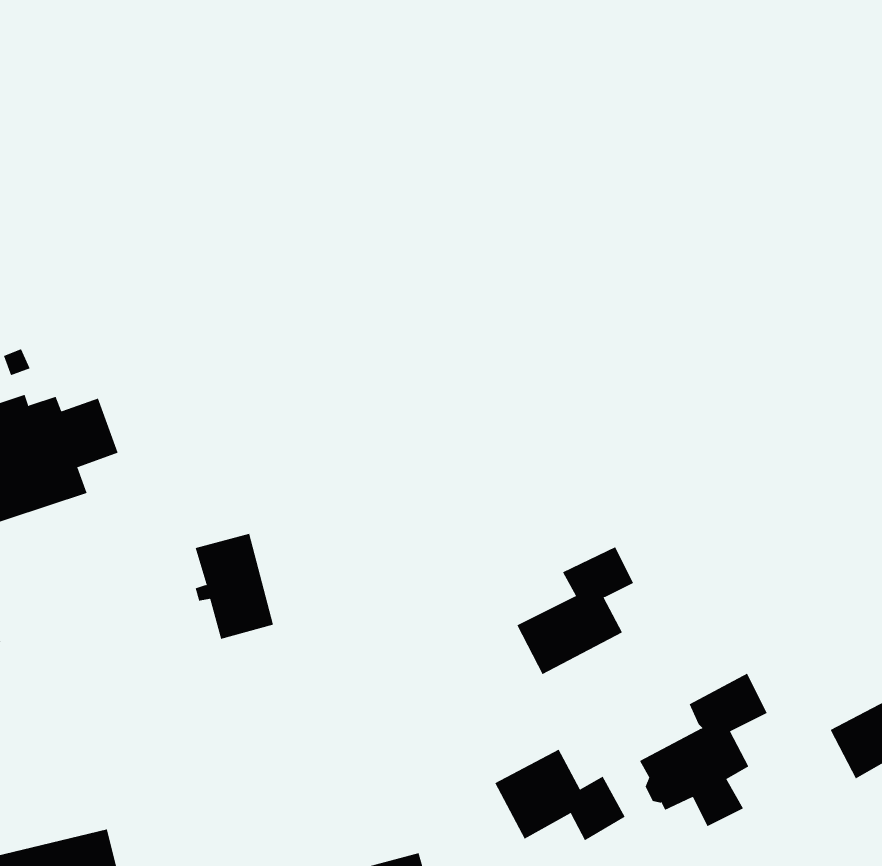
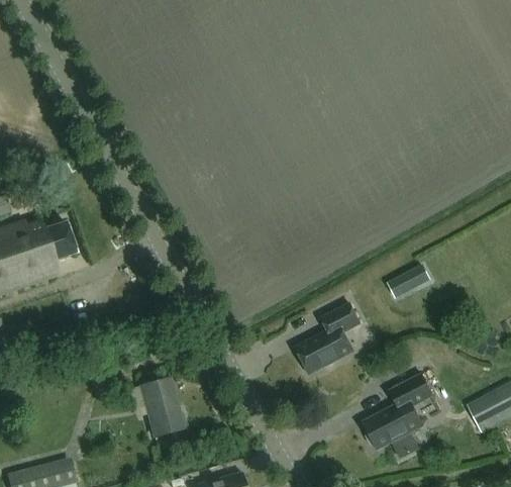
building: none -> [388,265,430,298]
building: [195,533,274,640] -> [140,377,184,435]
building: [494,749,626,841] -> none

